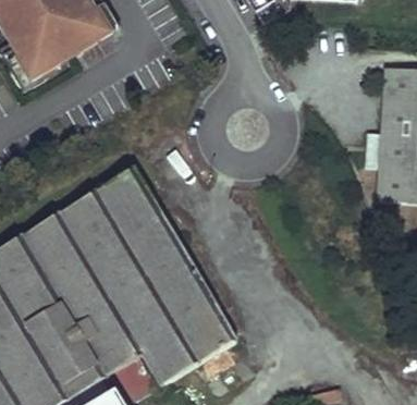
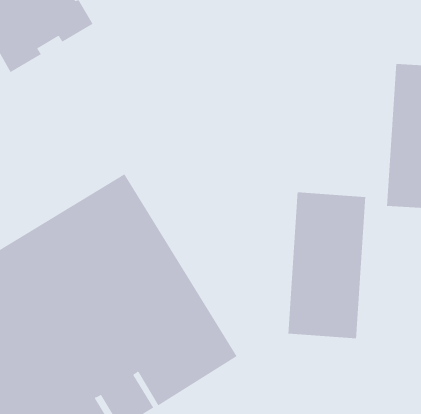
building: none -> [288,192,366,339]

